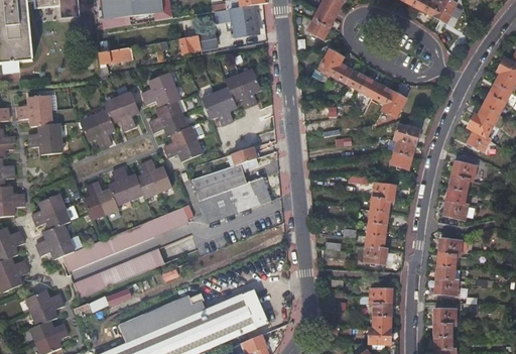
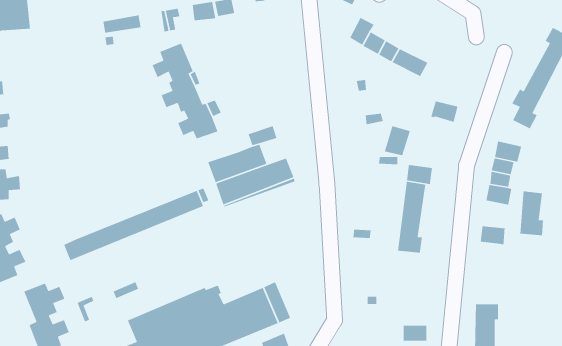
building: [202,70,260,126] -> none
building: [381,91,406,118] -> none
building: [81,93,140,148] -> none
building: [18,95,62,154] -> none
building: [391,140,415,168] -> [384,125,410,156]
building: [84,159,172,219] -> none
building: [32,194,74,258] -> none
building: [75,245,168,297] -> none
building: [435,253,458,294] -> [519,191,544,236]
building: [370,288,392,328] -> none

